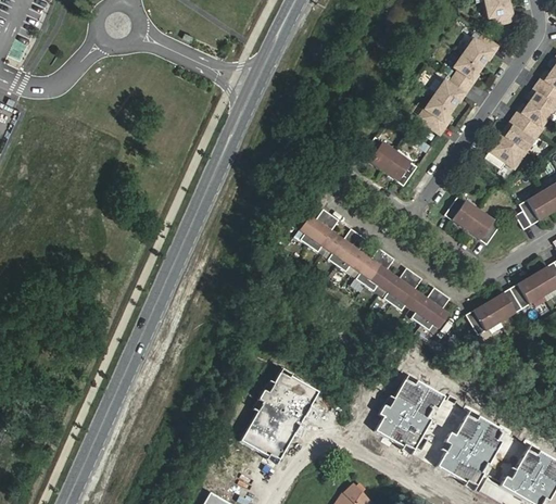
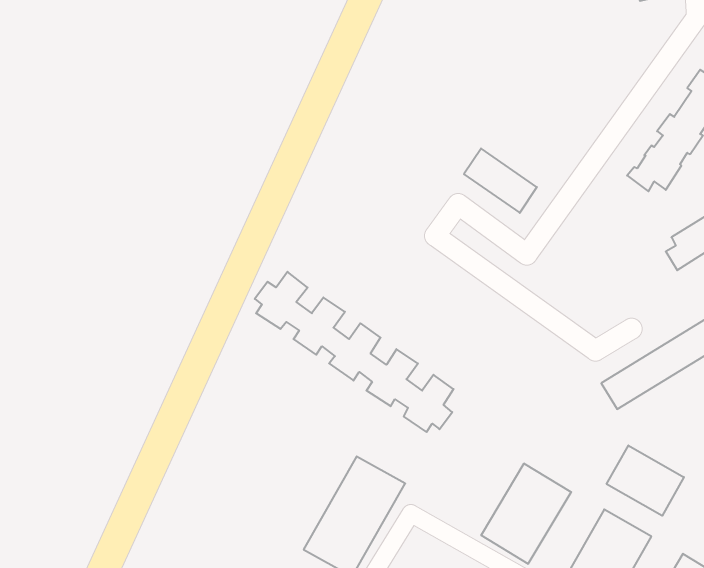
building: [418,35,497,135] -> none
building: [444,196,501,244] -> none
building: [299,209,450,330] -> [255,272,454,432]
building: none -> [607,445,684,516]

